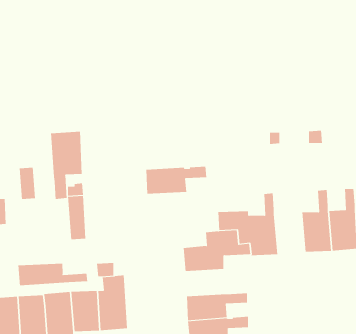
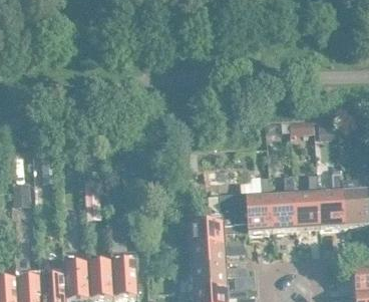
building: [51,131,82,200] -> none
building: [146,166,207,194] -> [190,241,245,266]
building: none -> [270,173,297,229]
building: [18,263,88,286] -> none

